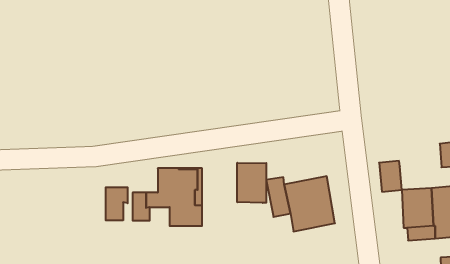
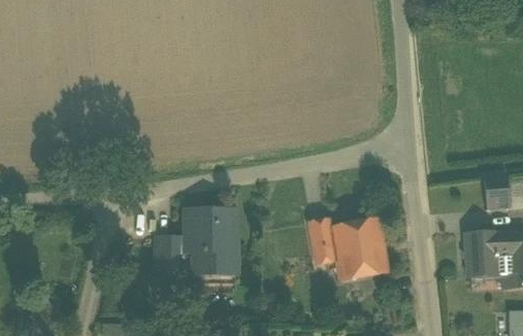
building: [379,161,402,192] -> [484,174,510,209]
building: [237,163,266,203] -> none
building: [106,187,128,220] -> none

